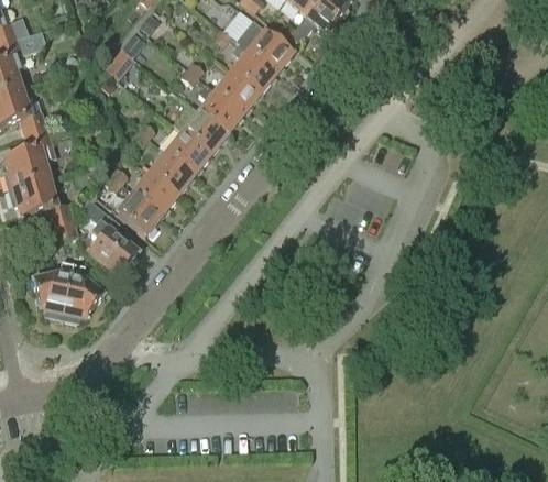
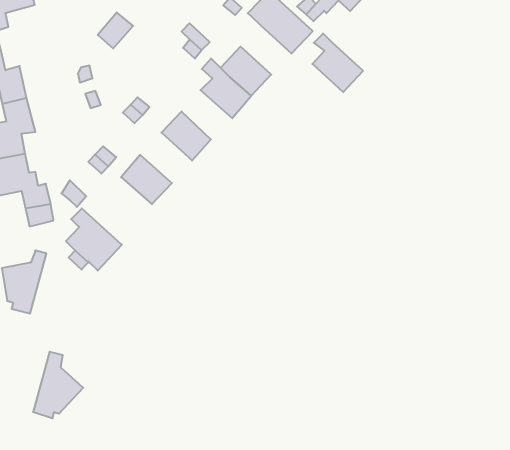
building: [231,42,276,92] -> [312,33,363,92]
building: [183,110,228,153] -> none
building: [149,150,195,194] -> none
building: [116,191,162,234] -> none
building: [61,263,103,321] -> [33,352,83,418]

